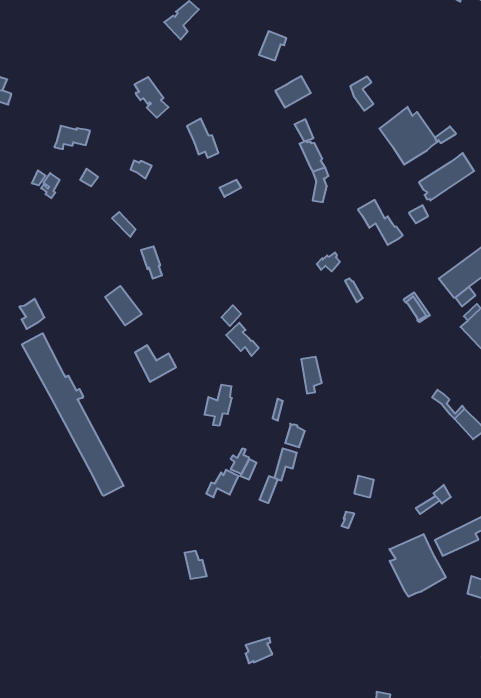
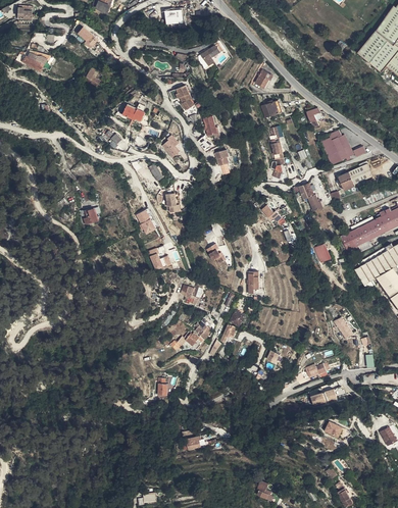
building: [22,333,124,496] -> none
building: [389,534,446,597] -> none

